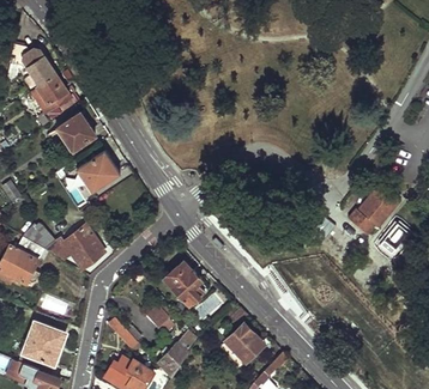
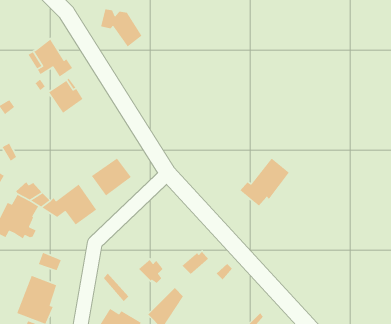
building: [11,44,55,85] -> [100,9,142,47]
building: [75,151,119,192] -> [91,158,132,196]
building: [346,184,399,236] -> [239,158,290,207]
building: [169,267,204,306] -> none
building: [225,323,265,363] -> none

